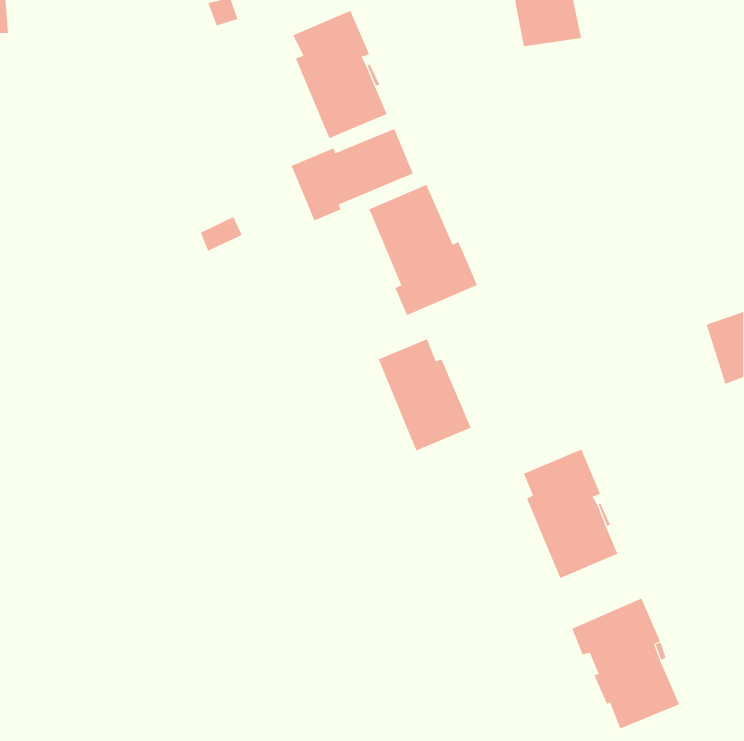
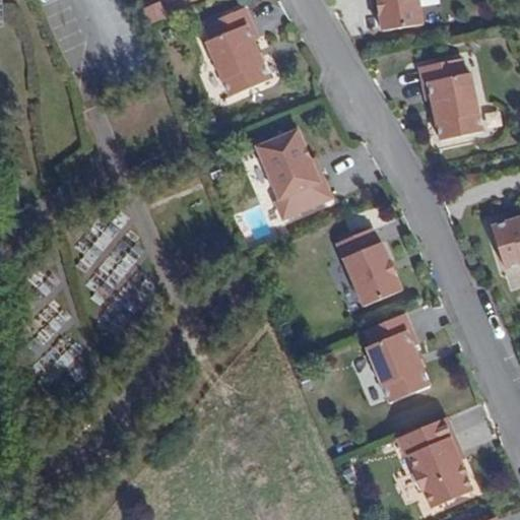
building: none -> [417,57,481,140]
building: [291,128,414,221] -> none
building: [378,339,471,451] -> [336,228,401,306]

